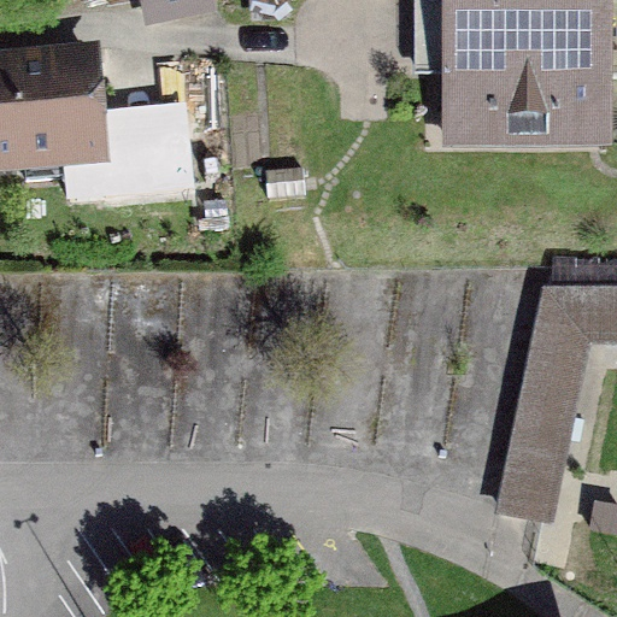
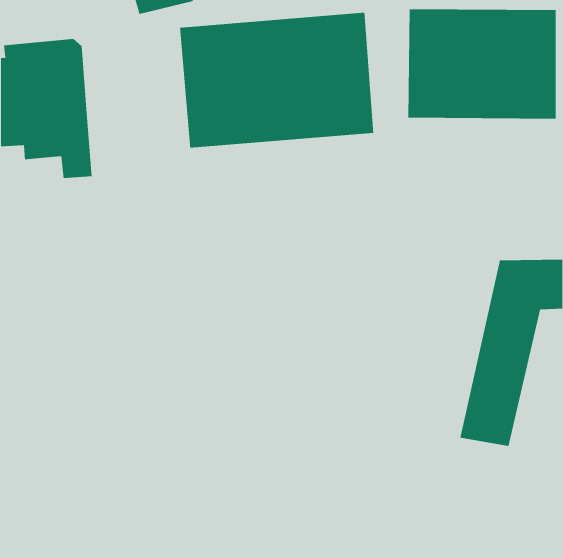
building: none -> [180,12,374,148]
building: [95,112,192,193] -> none

